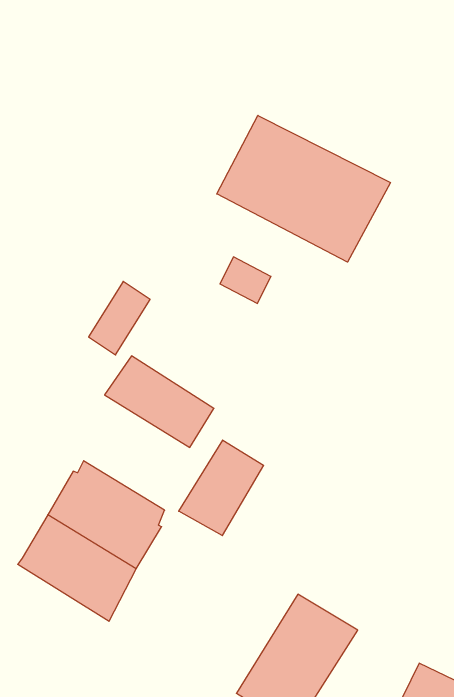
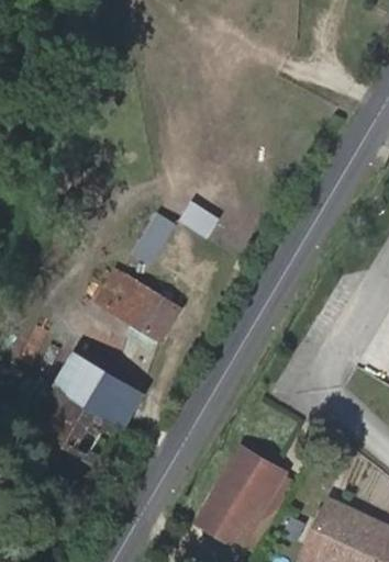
building: [217,115,390,262] -> none
building: [89,281,150,355] -> [135,210,180,263]
building: [179,440,264,536] -> none

